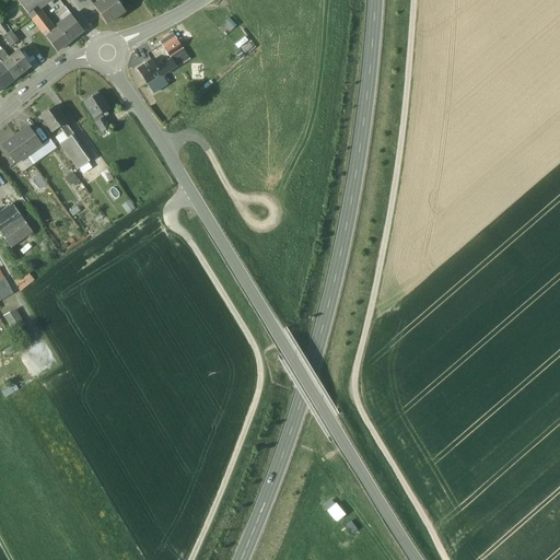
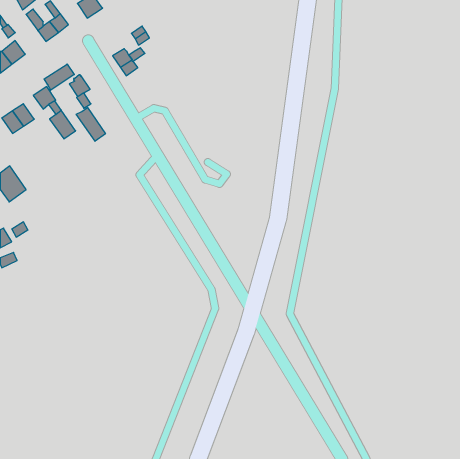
building: none -> [44,64,74,90]
building: none -> [76,108,105,141]

